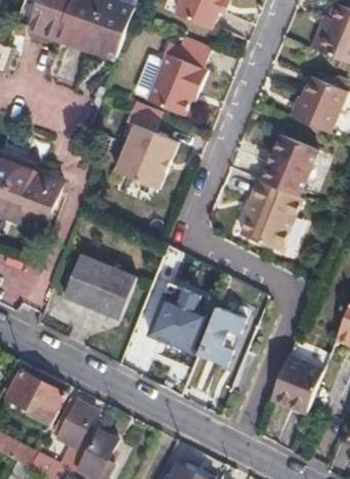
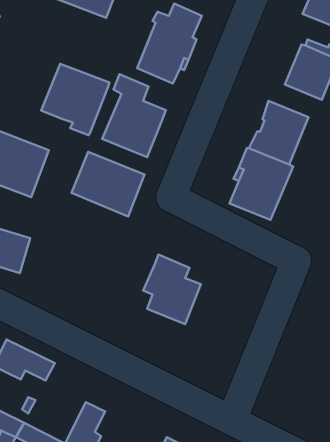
building: none -> [41,64,110,135]
building: [62,256,134,320] -> [72,152,144,216]
building: [197,306,244,365] -> none
building: [270,355,324,412] -> none
building: [58,400,96,448] -> none

